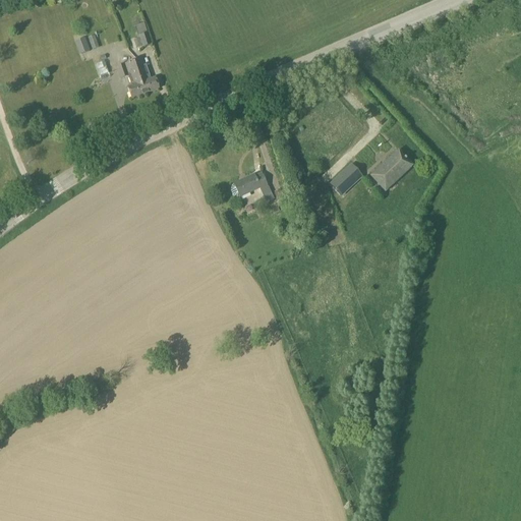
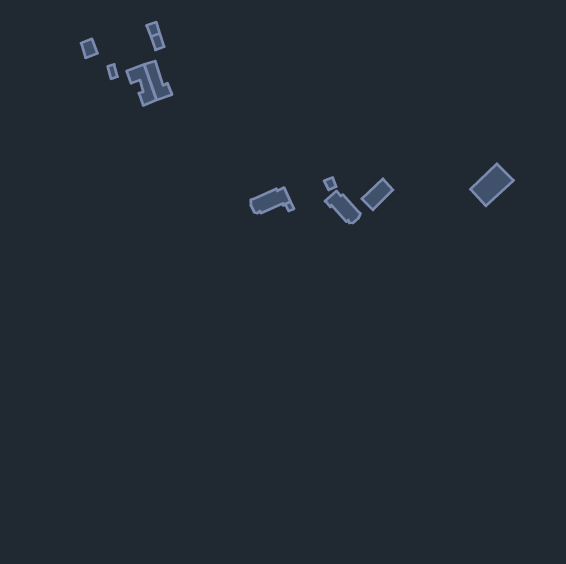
building: [371,151,411,189] -> [470,164,514,206]
building: none -> [325,191,360,223]

